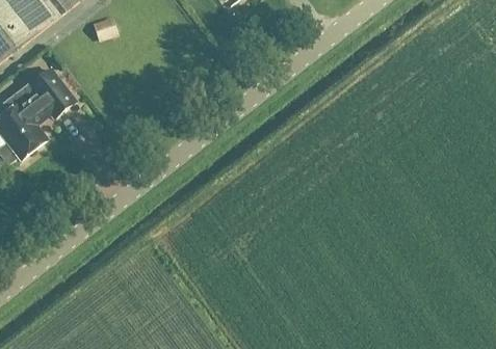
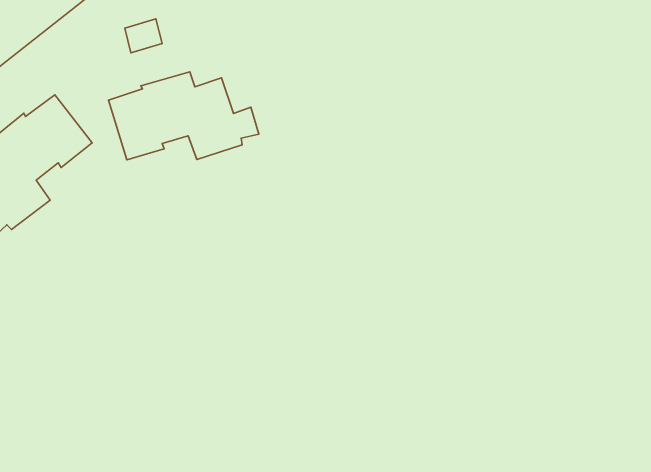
building: none -> [109,72,259,160]

